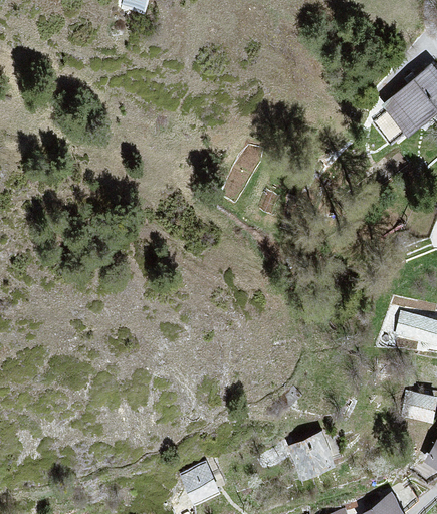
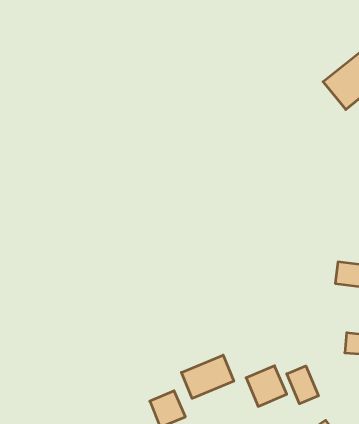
building: none -> [181,355,234,398]
building: none -> [287,366,318,404]

